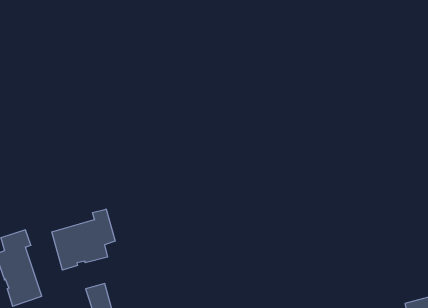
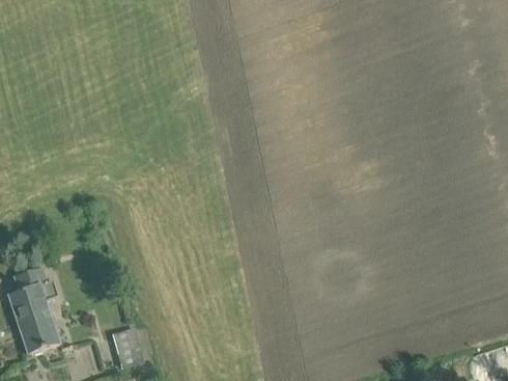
building: [52,209,115,270] -> none

